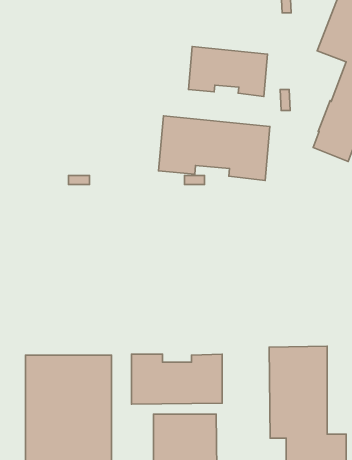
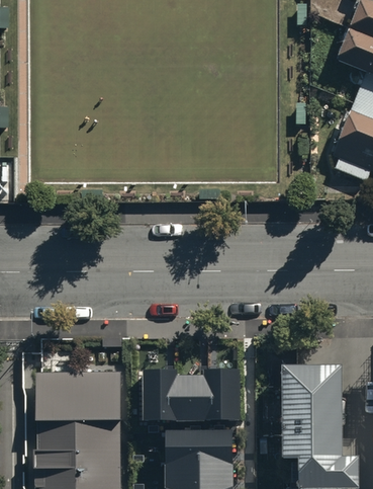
building: [188,47,268,96] -> none
building: [159,116,270,180] -> none

